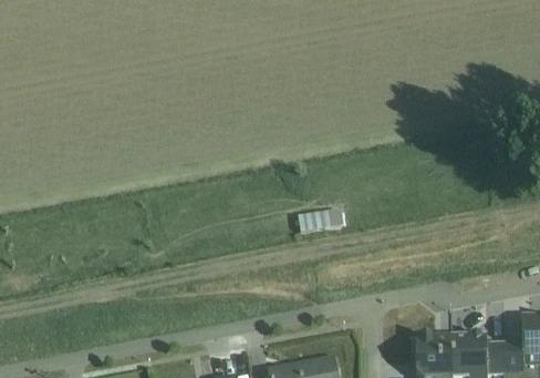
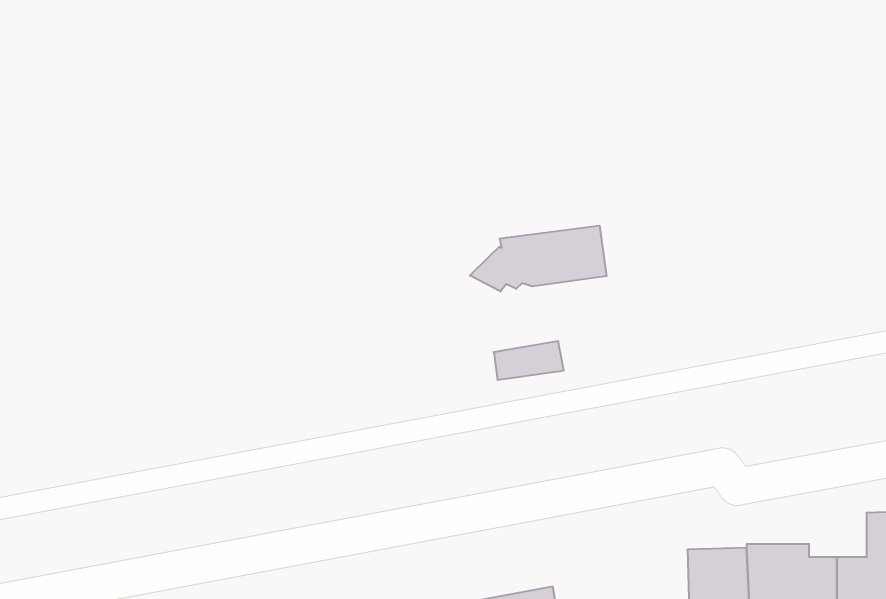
building: none -> [470,226,607,292]

